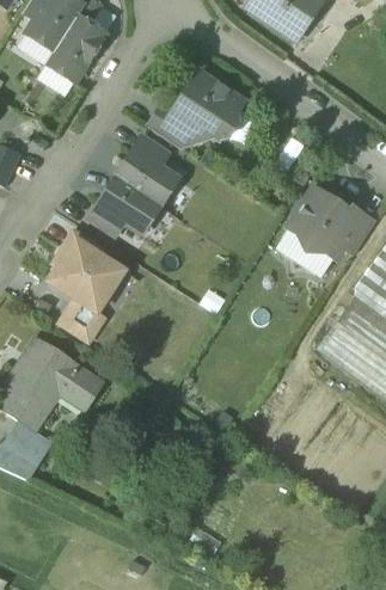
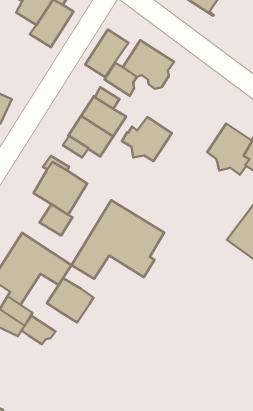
building: none -> [85,30,128,78]
building: none -> [122,117,172,161]
building: none -> [72,200,164,279]
building: none -> [47,278,94,323]
building: none -> [22,316,55,344]

